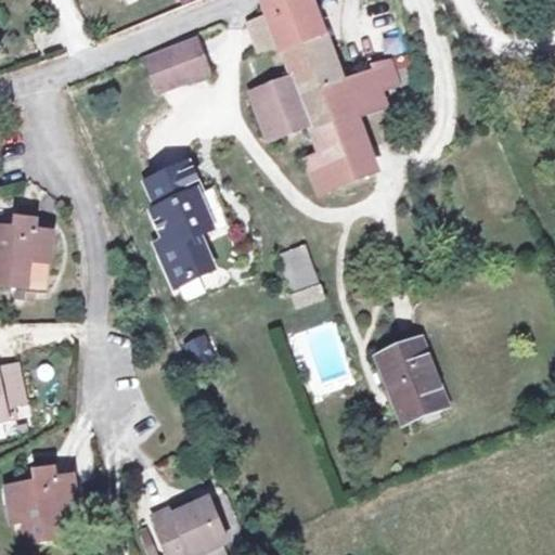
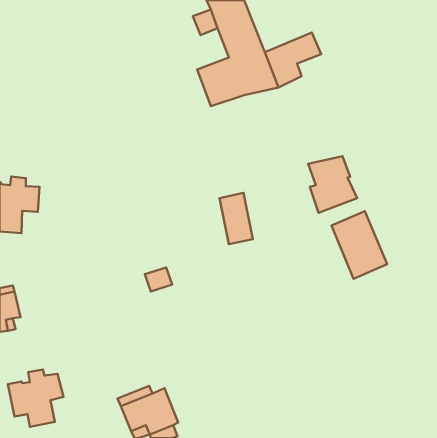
building: [140,39,205,91] -> none
building: [309,111,371,182] -> [308,156,357,213]
building: [150,164,212,285] -> none
building: [385,344,455,429] -> [331,211,387,279]

